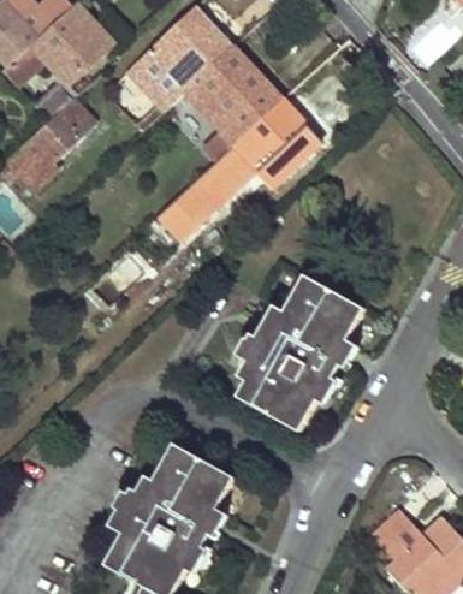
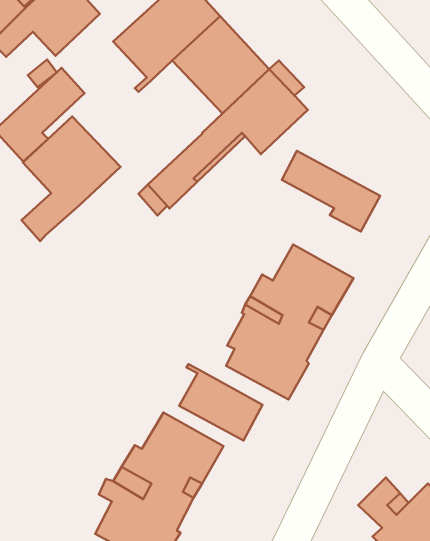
building: none -> [22,117,120,241]
building: none -> [282,151,380,232]
building: none -> [179,364,263,440]

